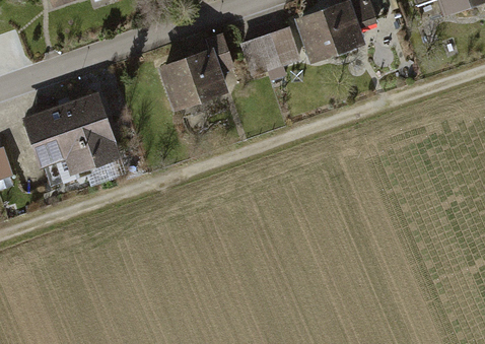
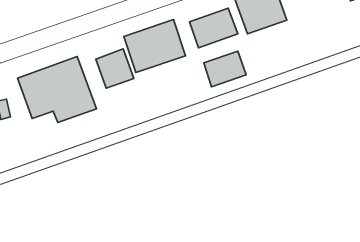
building: none -> [96,49,134,88]
building: none -> [204,51,246,87]

